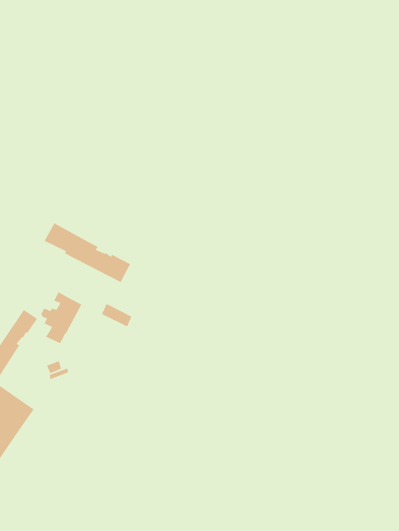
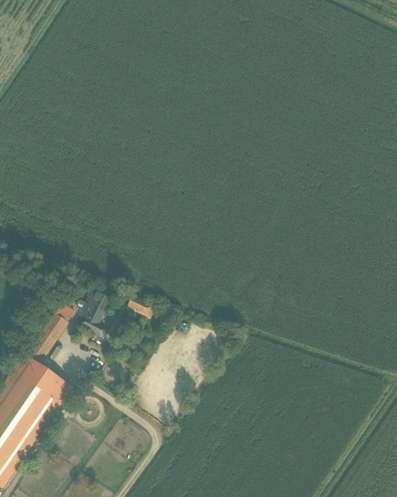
building: [44,222,131,283] -> none

